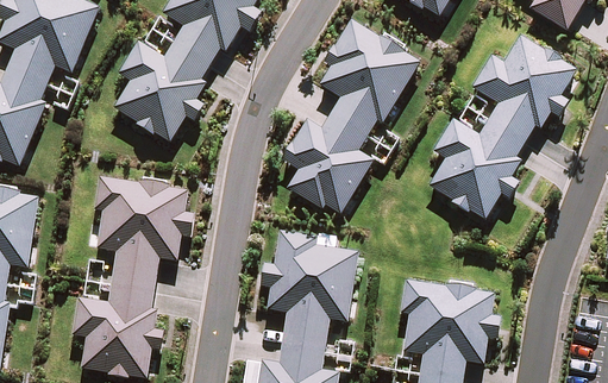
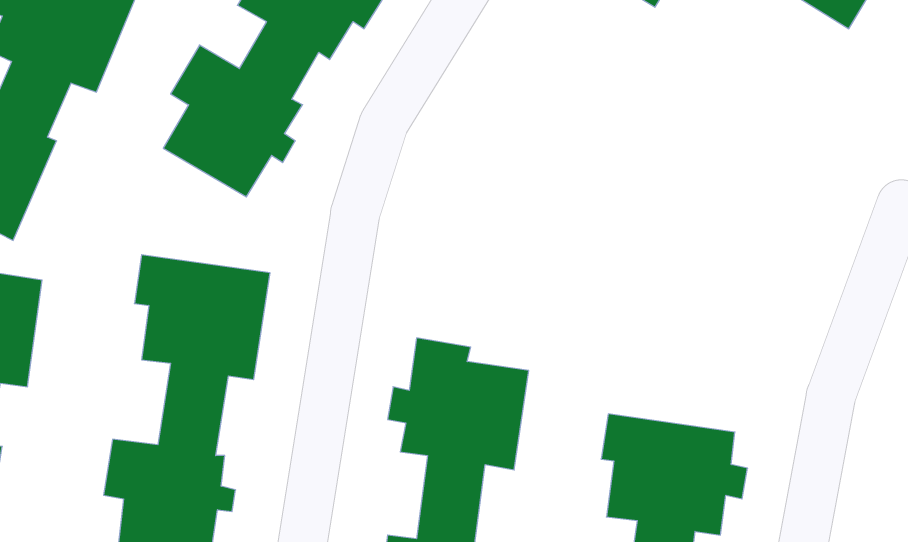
building: [284,23,421,212] -> none
building: [430,37,572,216] -> none

